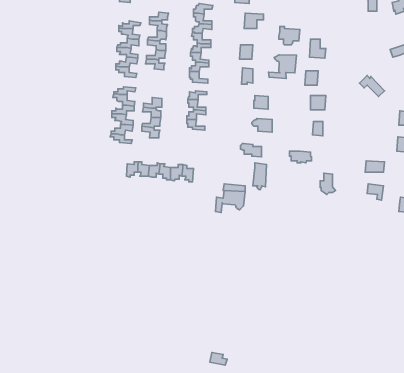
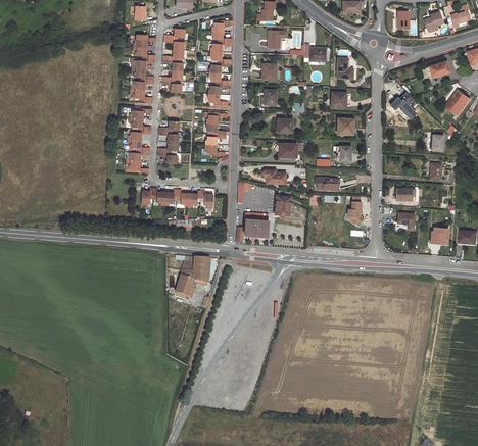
building: [269,55,296,78] -> none
building: none -> [175,256,208,296]

